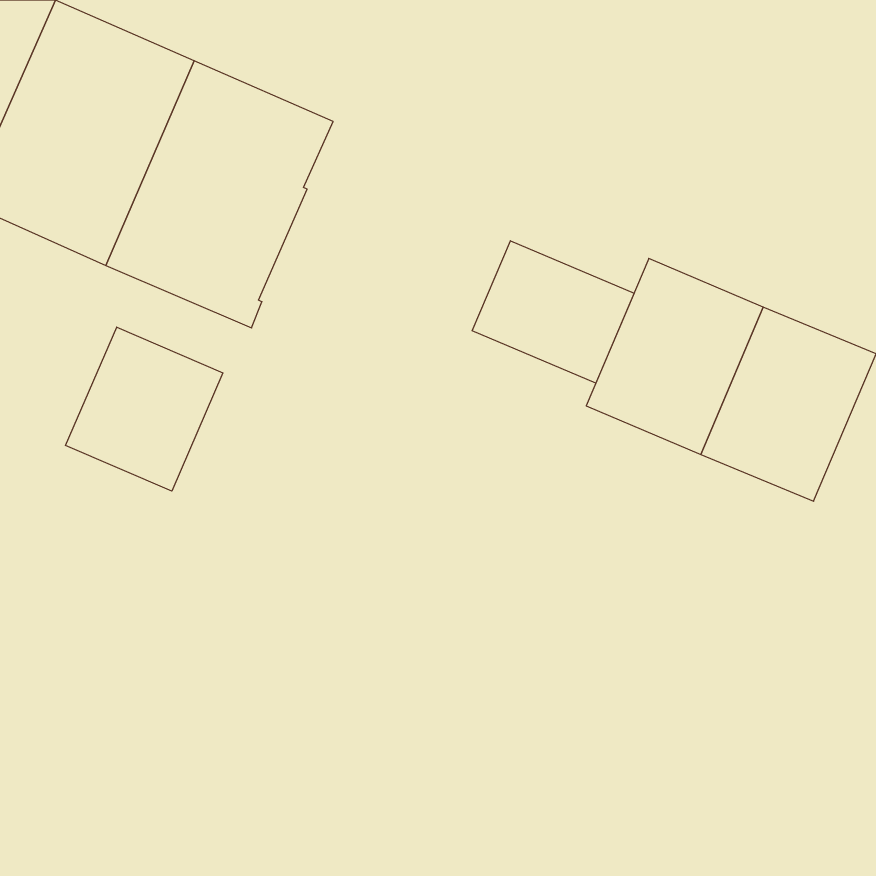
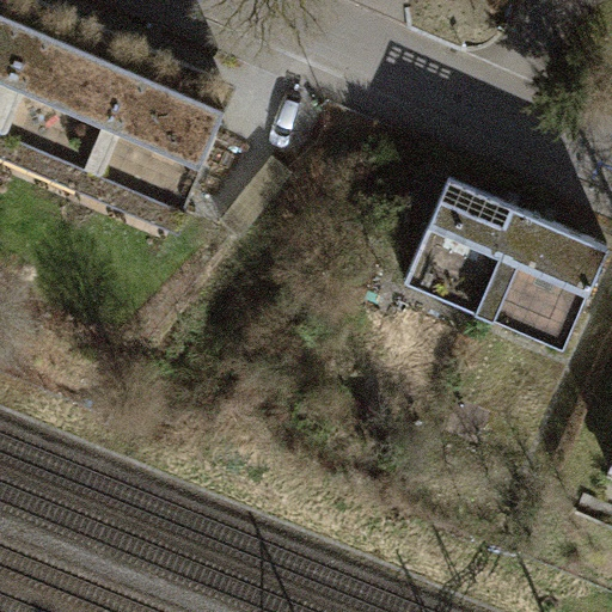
building: [472,241,634,383] -> none
building: [66,327,223,491] -> none

